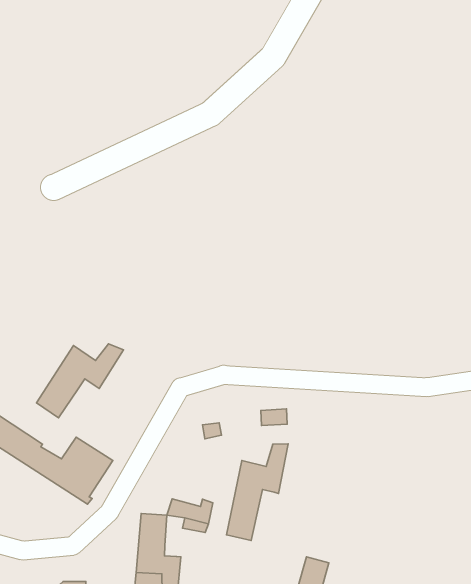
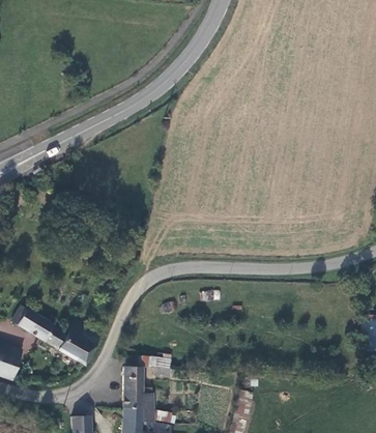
building: [37,344,123,418] -> none
building: [227,444,288,541] -> none

